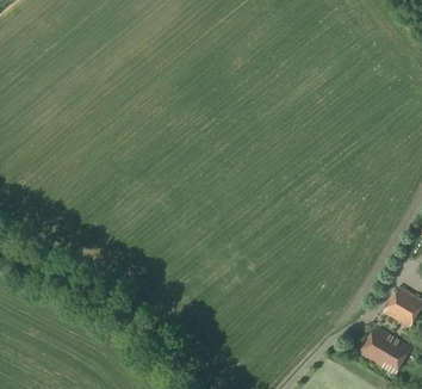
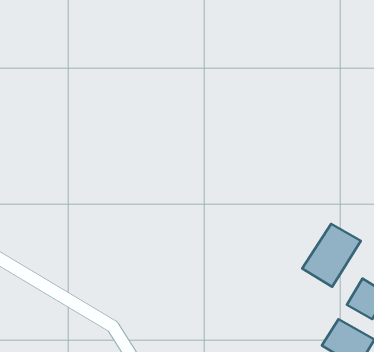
building: none -> [302,224,361,287]

